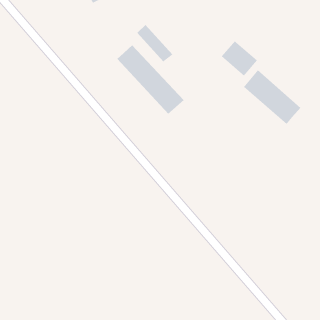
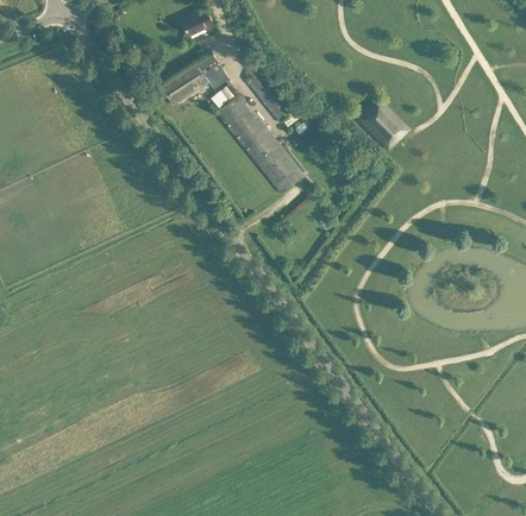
building: none -> [161,54,227,105]
building: [243,70,301,125] -> none

